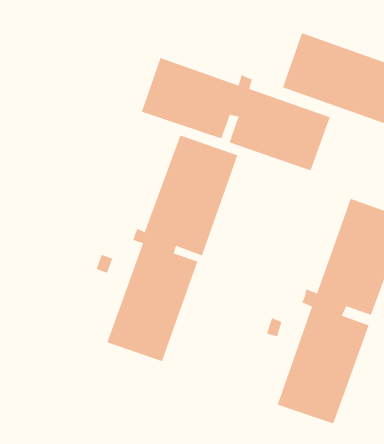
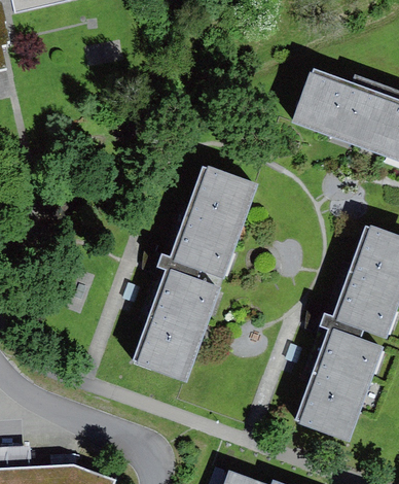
building: [141,57,330,171] -> none

